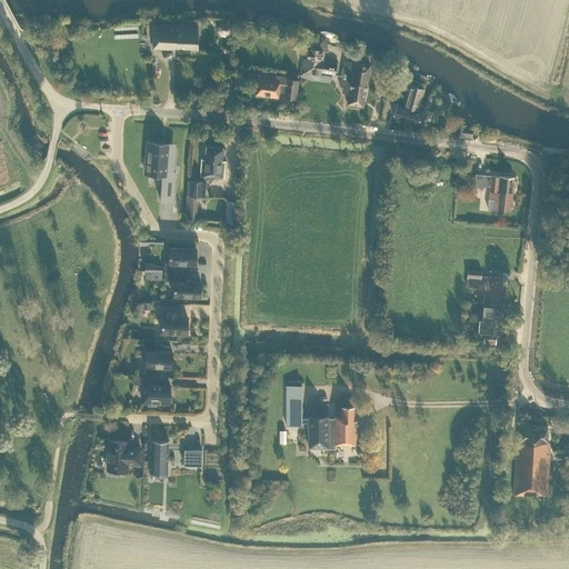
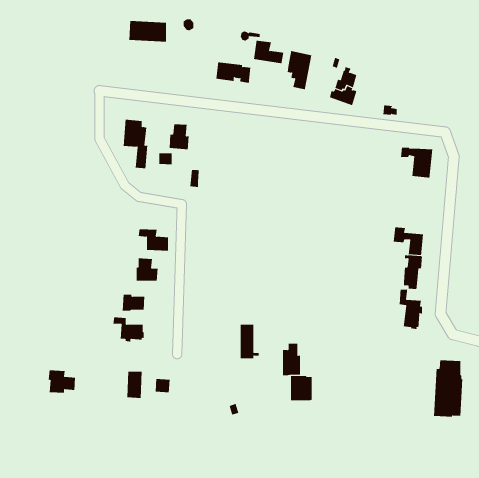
building: [164,248,196,273] -> none
building: none -> [399,289,422,330]
building: [308,418,335,448] -> [290,375,313,401]
building: [108,441,141,469] -> [48,370,76,393]

